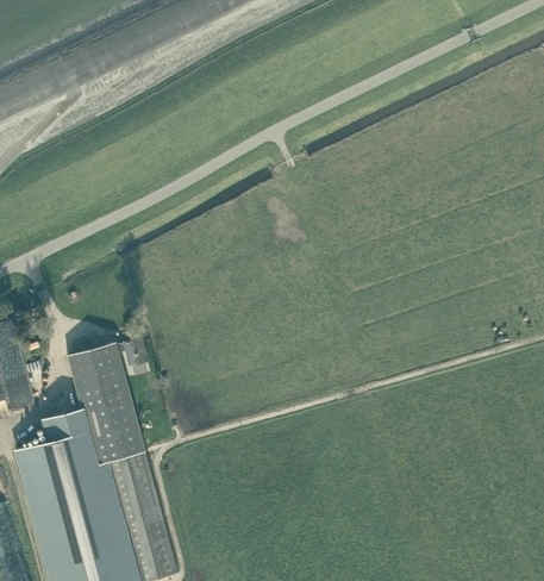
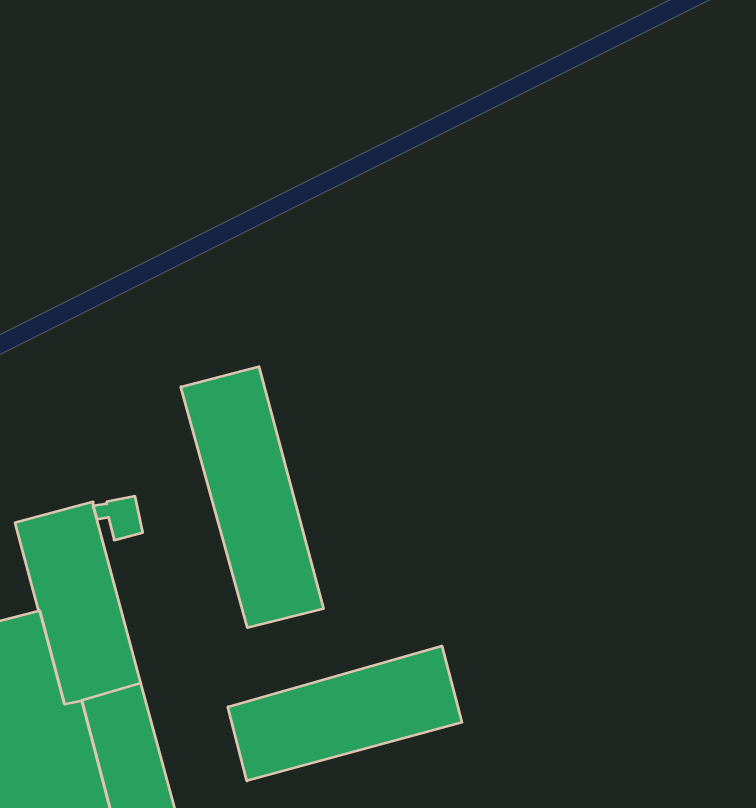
building: none -> [181,367,323,628]
building: none -> [228,646,462,781]

